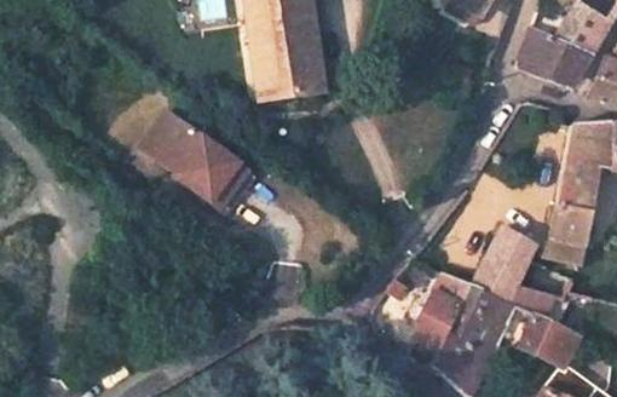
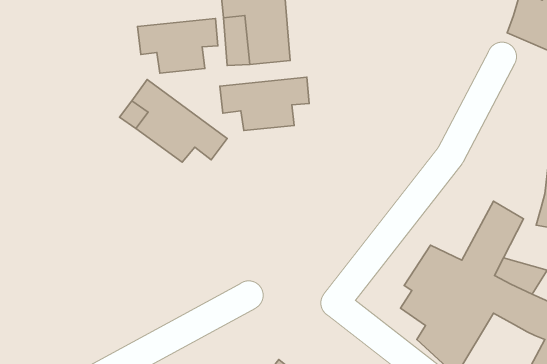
building: none -> [137,18,218,73]
building: none -> [220,77,309,130]

